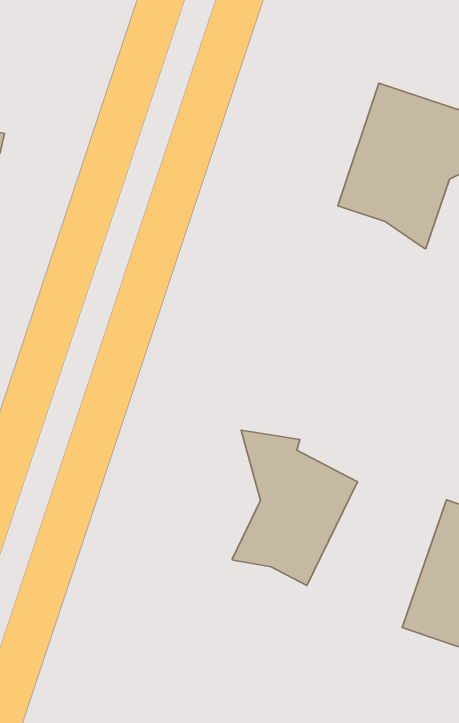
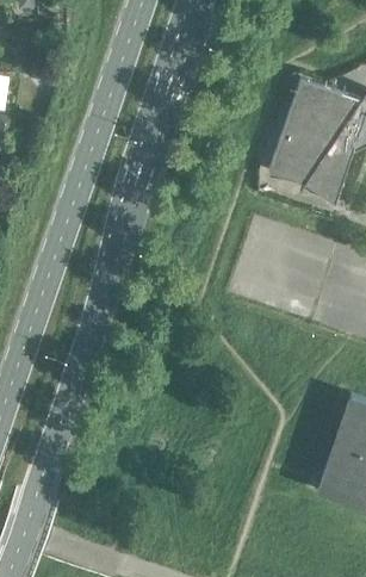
building: [232,430,358,586] -> none

